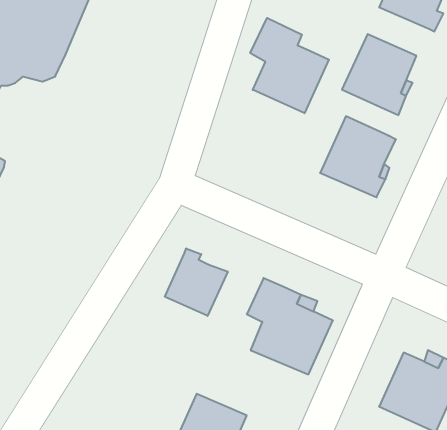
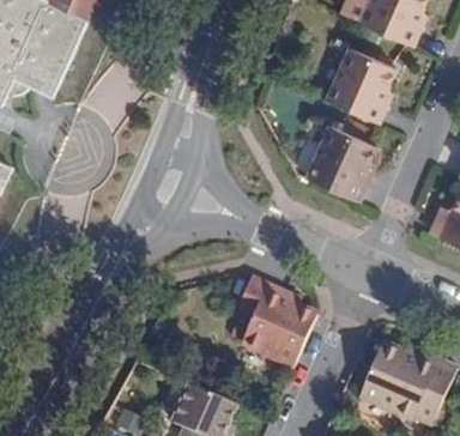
building: [250,18,329,113] -> none
building: [165,248,228,316] -> none

